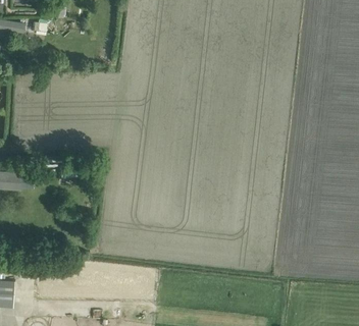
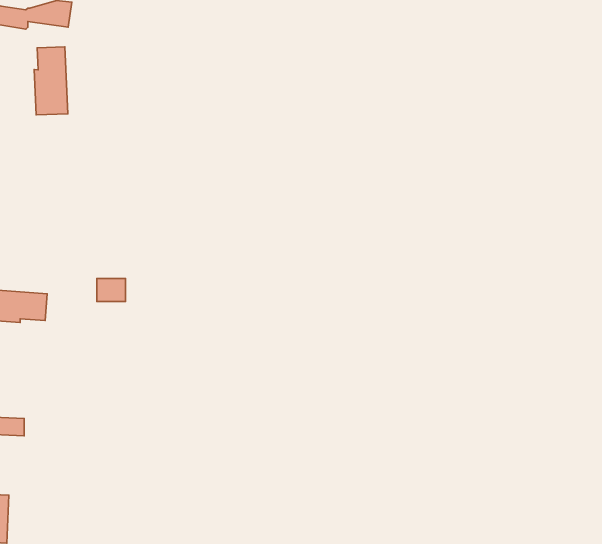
building: none -> [34,47,68,115]

